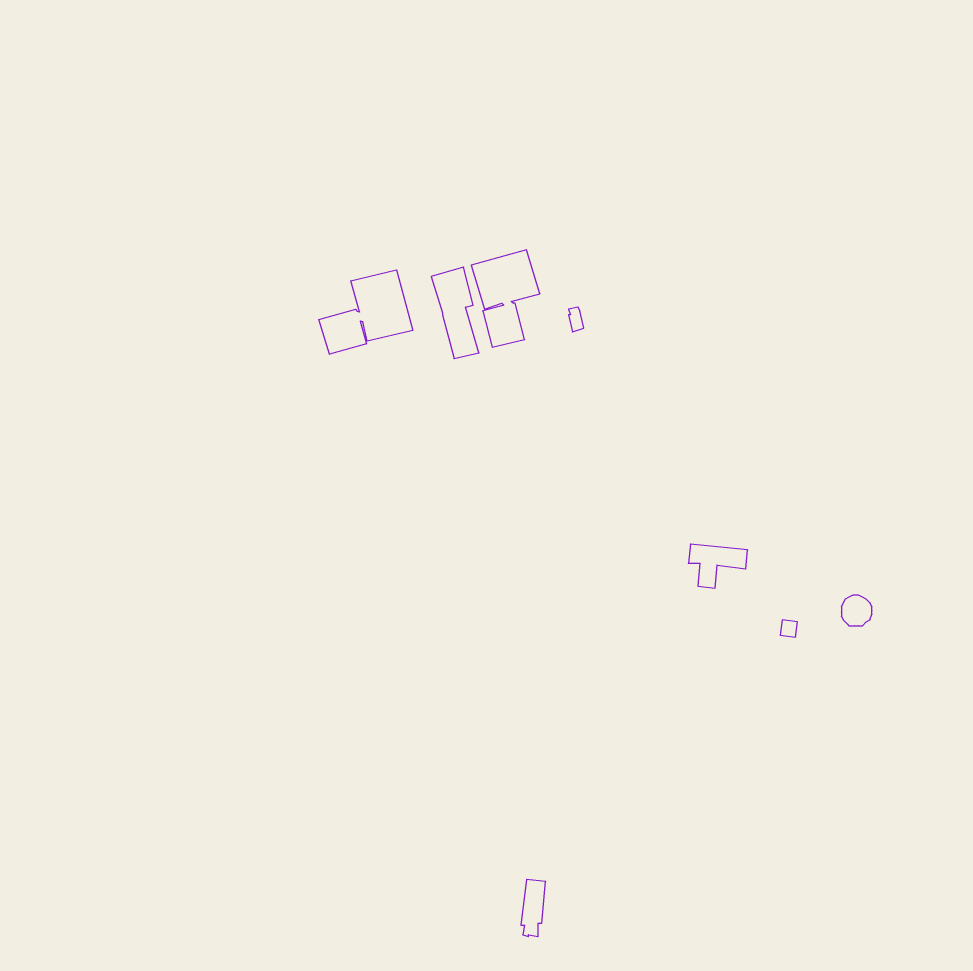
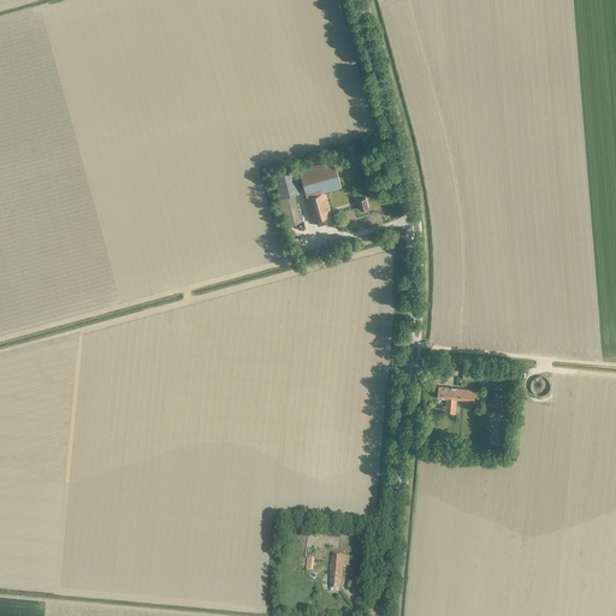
building: [319,270,413,354] -> none
building: [688,544,748,588] -> [439,389,476,416]

